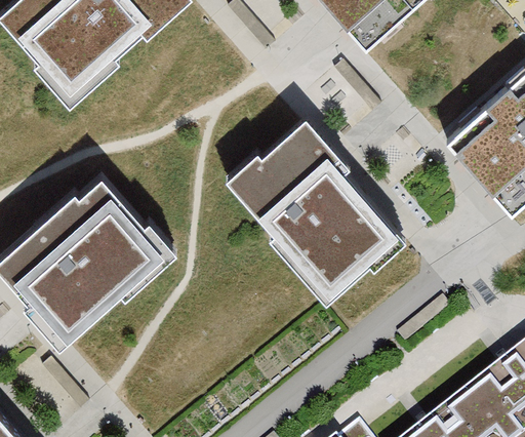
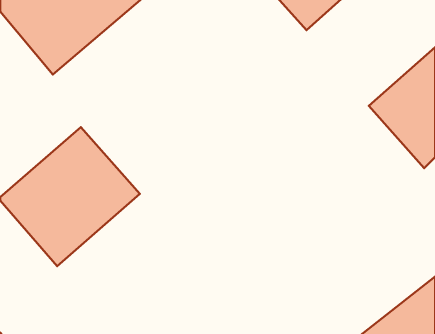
building: [219,117,397,302] -> none

